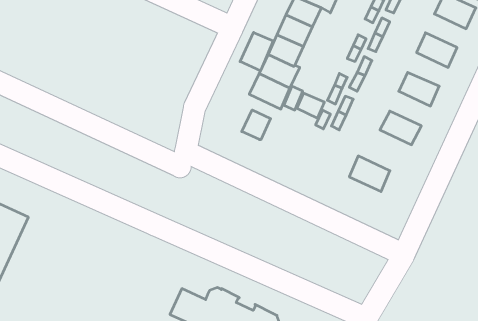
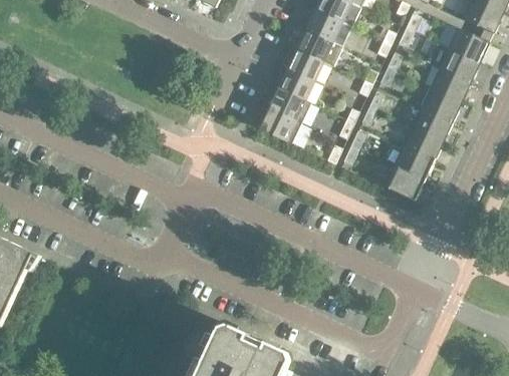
building: none -> [438,48,479,82]
building: [240,32,273,71] -> none
building: none -> [420,87,461,121]
building: none -> [402,126,443,161]
building: [242,110,271,140] -> none
building: [349,156,390,192] -> [383,165,424,202]

